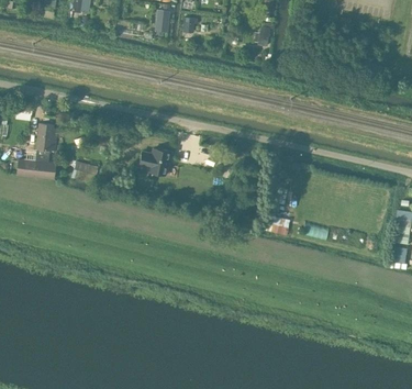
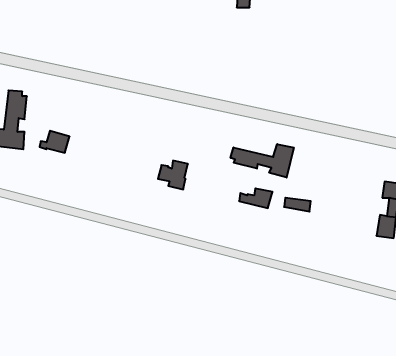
building: [138,147,167,175] -> [158,161,188,189]
building: none -> [231,144,294,178]

